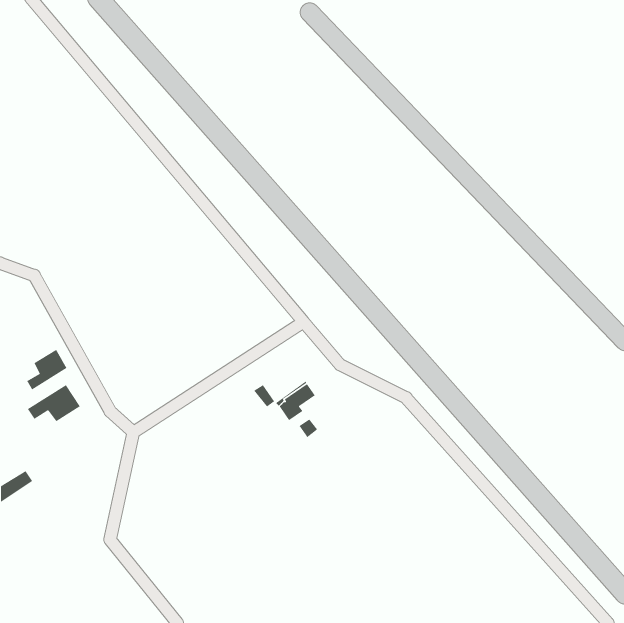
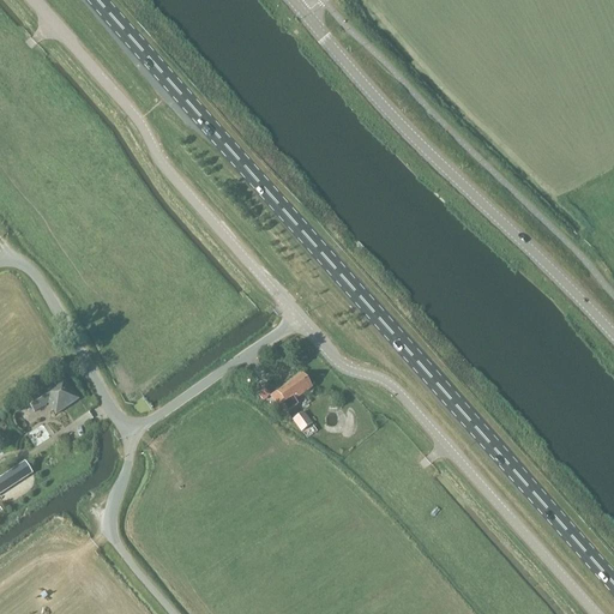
building: [26,349,68,391] -> none

